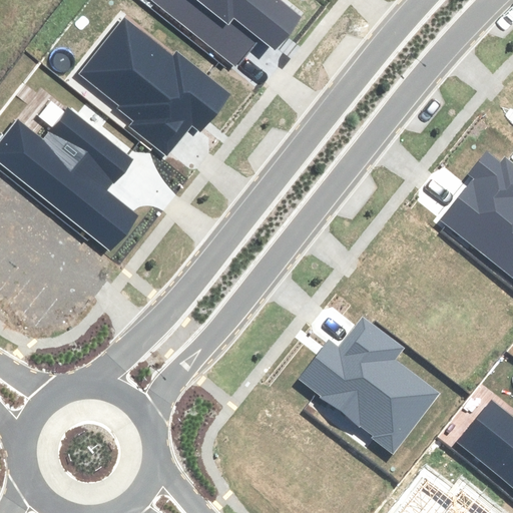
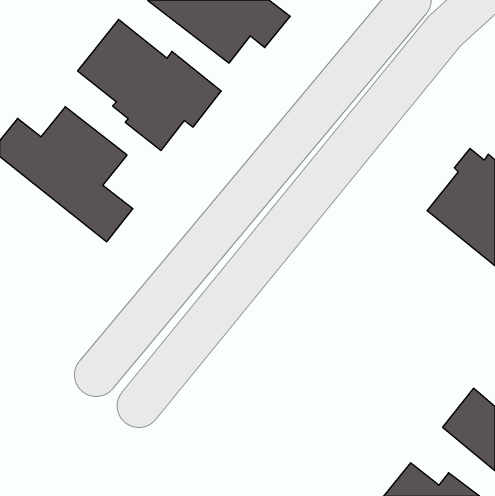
building: [298,318,438,452] -> none

